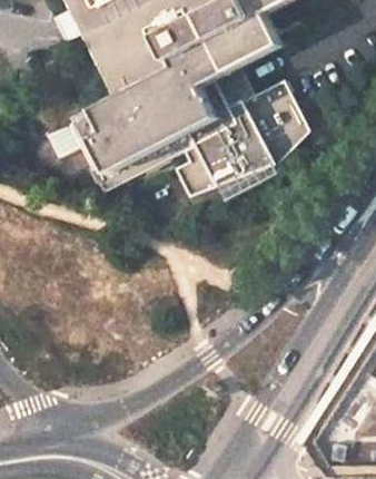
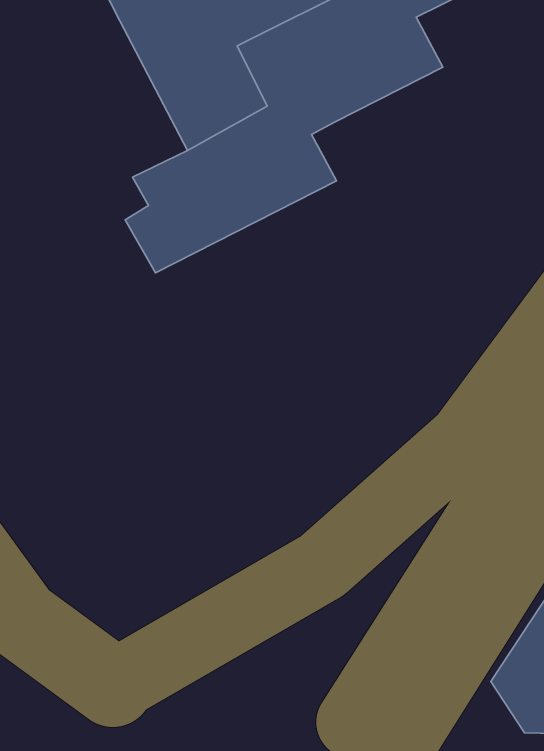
building: [46,80,309,196] -> none

